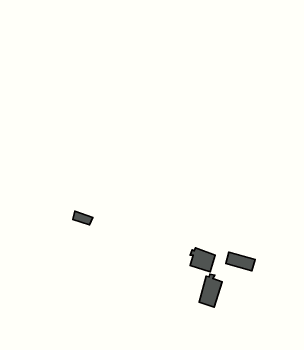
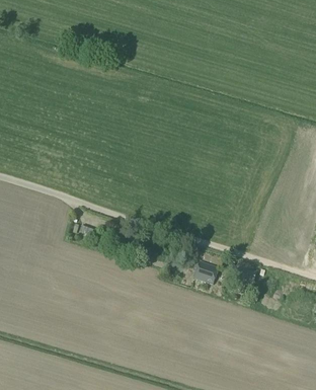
building: [199,274,222,307] -> none

